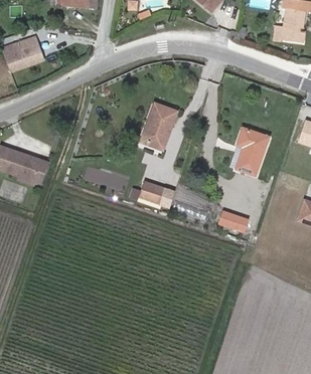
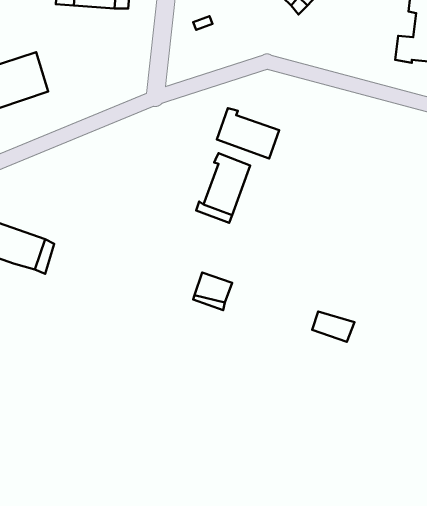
building: none -> [217,108,279,158]
building: [228,126,267,174] -> none

